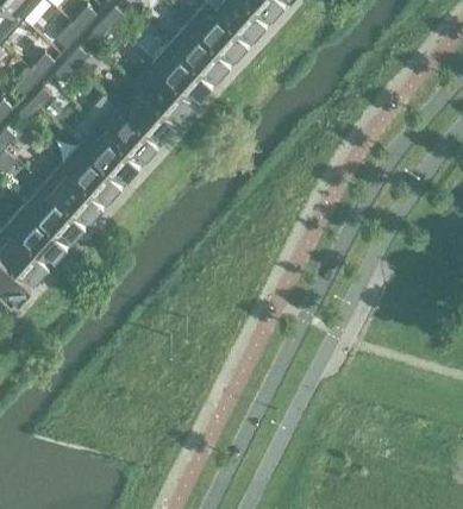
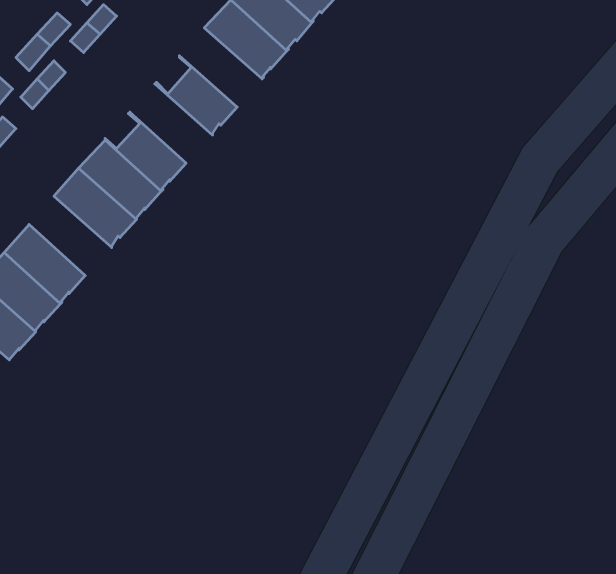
building: [133,68,193,125] -> none
building: [98,108,157,165] -> none
building: [25,189,85,246] -> none

